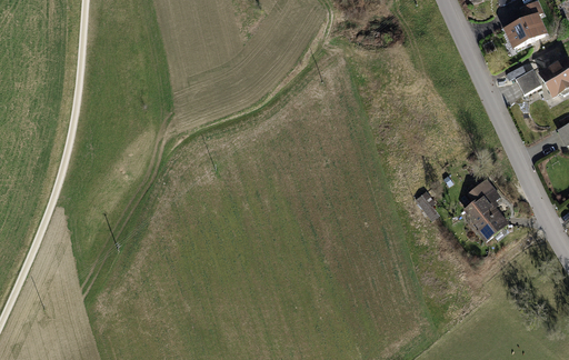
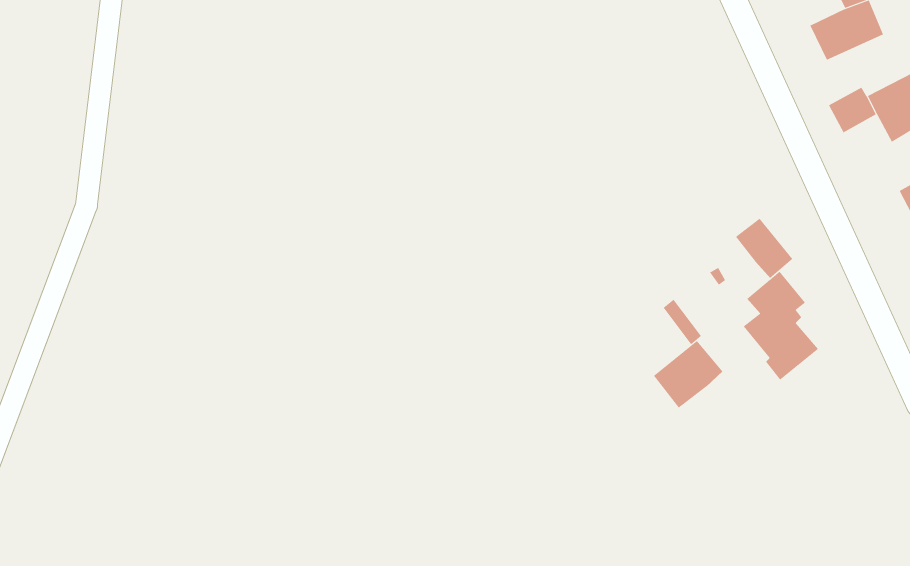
building: none -> [735,218,793,279]
building: none -> [653,340,723,408]

